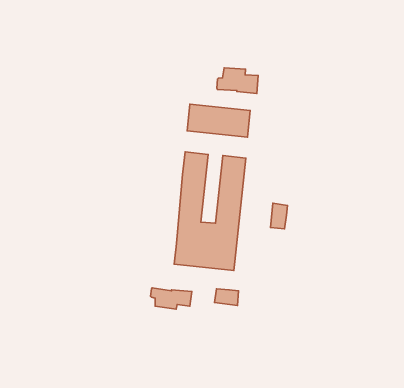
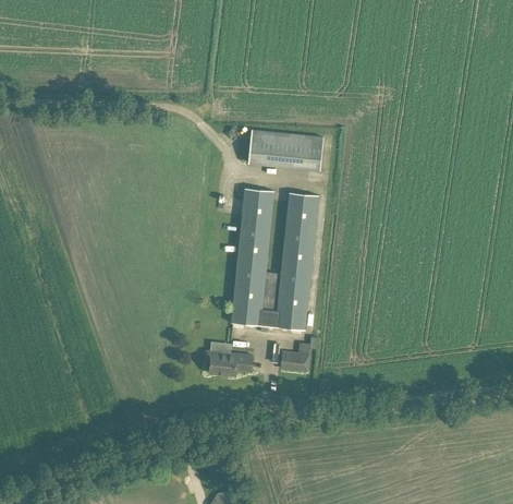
building: [217,68,258,94] -> none
building: [270,203,288,229] -> none

